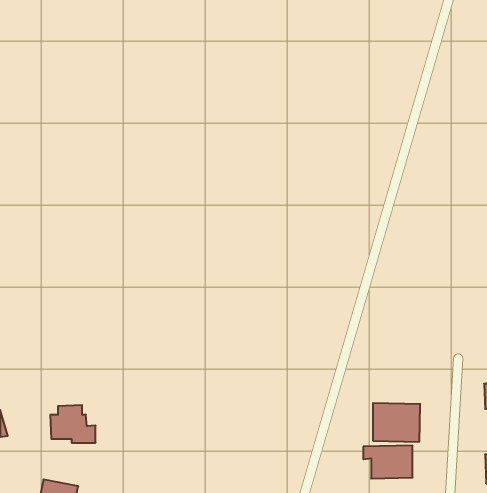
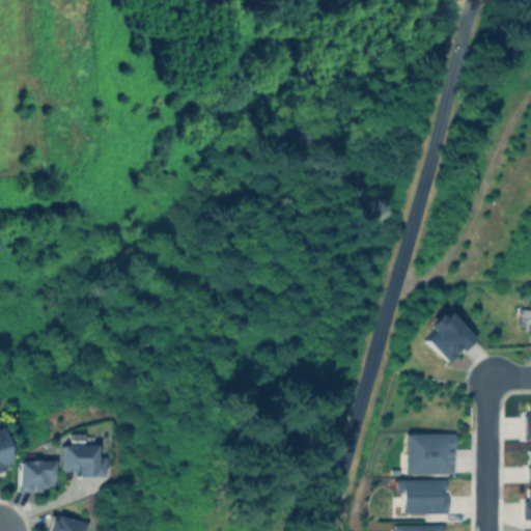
building: none -> [427,312,478,362]
building: none -> [19,460,57,492]

